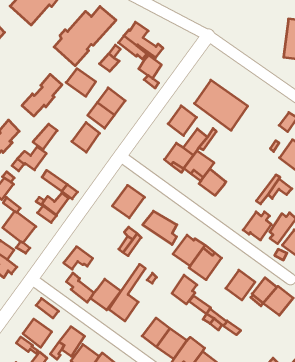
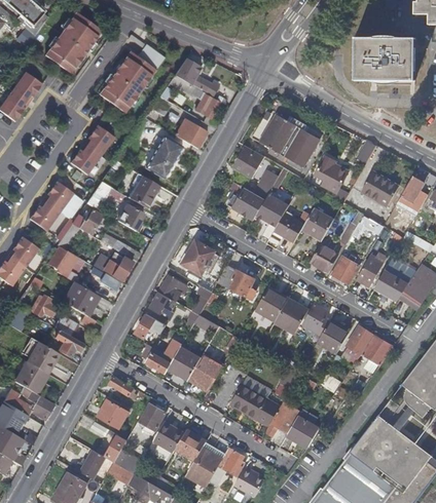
building: [66,69,96,96] -> [174,119,207,149]
building: none -> [315,155,349,193]
building: none -> [117,203,143,230]
building: none -> [302,208,334,240]
building: none -> [311,241,338,272]
building: none -> [152,275,186,321]
building: [172,275,197,304] -> [302,304,329,336]

